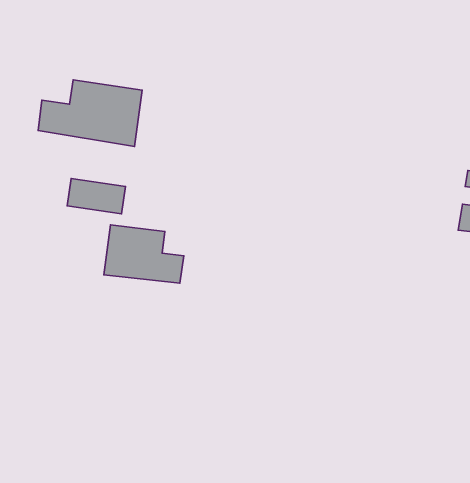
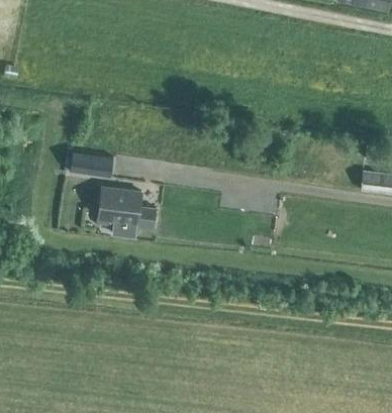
building: [38,80,142,147] -> none

